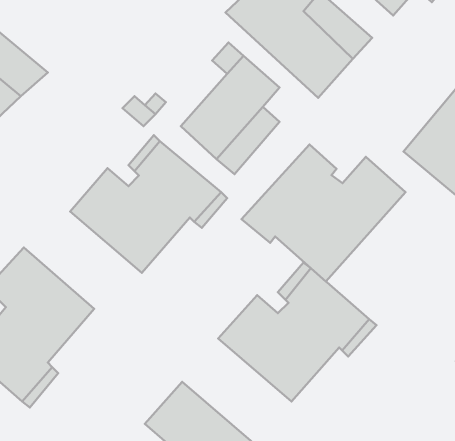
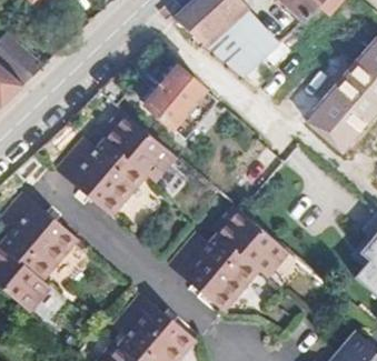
building: [242,144,405,281] -> none

